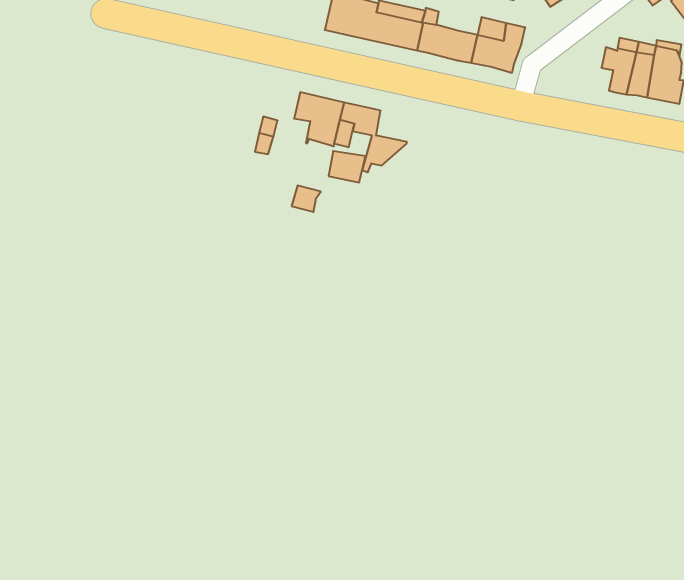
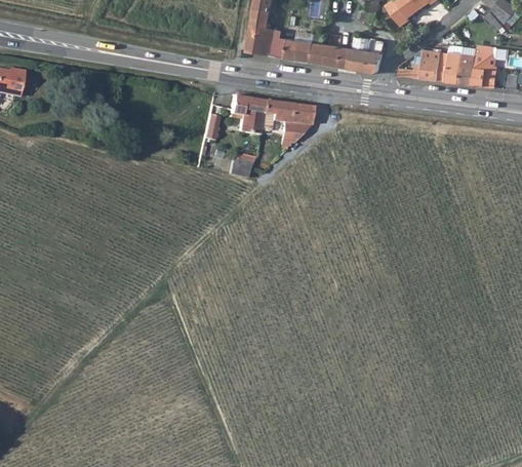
building: none -> [413,50,447,82]
building: [329,151,365,182] -> [286,106,311,126]

